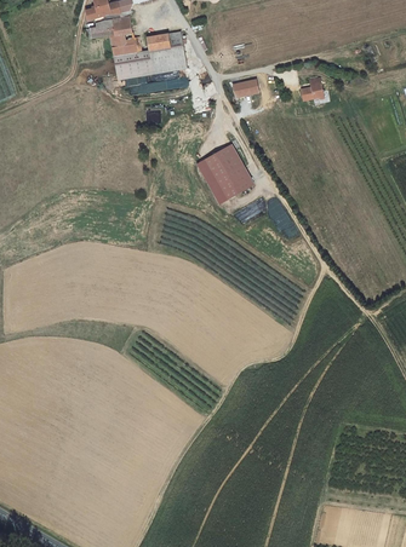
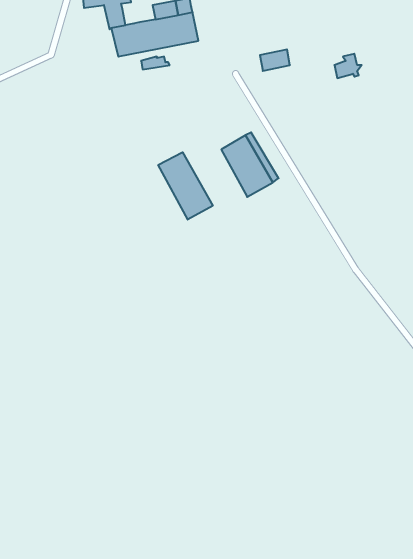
building: none -> [158,152,213,220]

